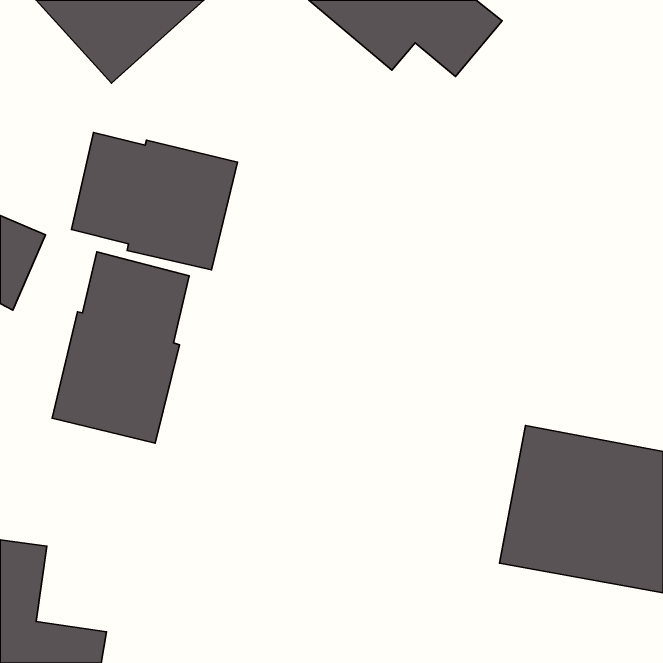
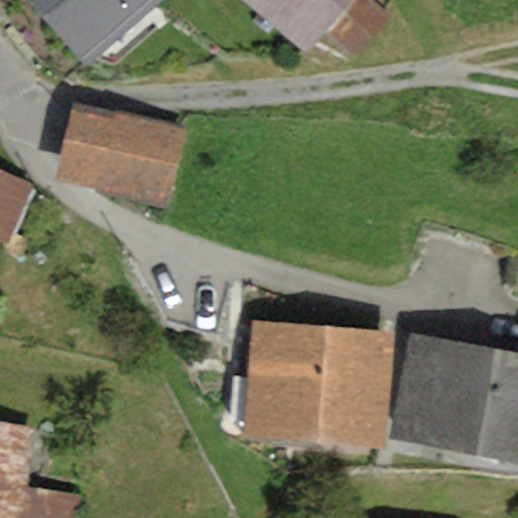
building: [52,252,189,443] -> none
building: none -> [239,319,395,448]

